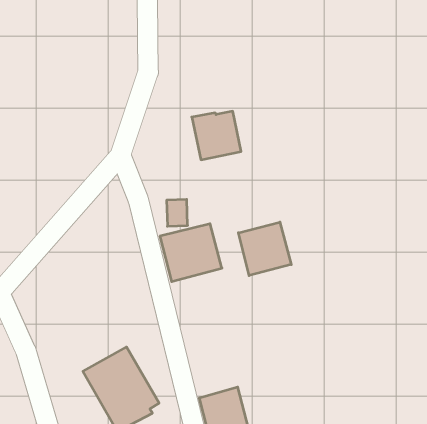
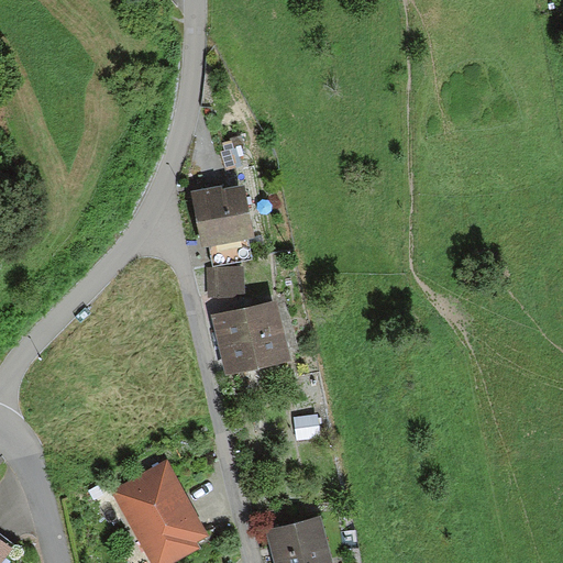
building: [192,111,241,160] -> [190,183,255,246]
building: [238,222,291,276] -> none

